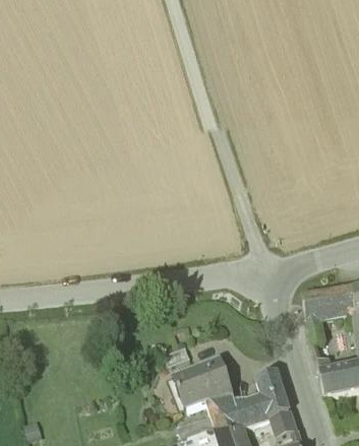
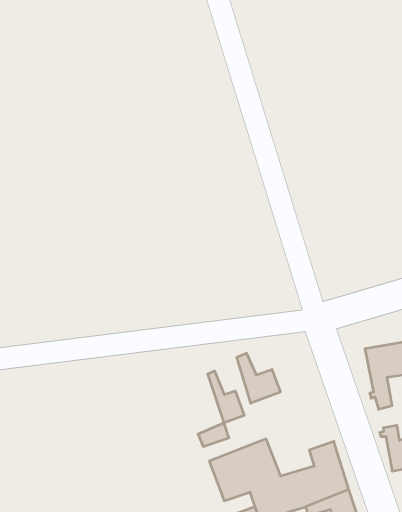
building: none -> [237,353,280,403]
building: none -> [208,371,244,423]

